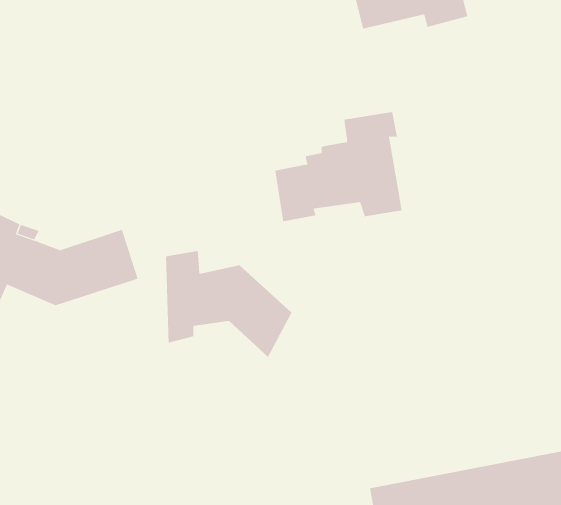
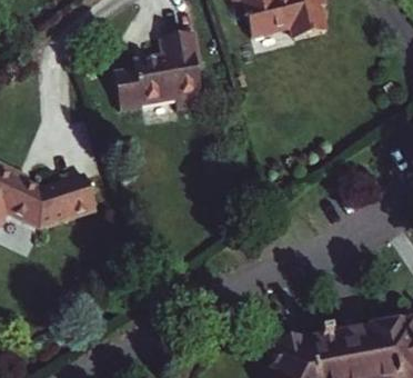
building: [275,111,403,222] -> [112,29,201,106]
building: [166,250,292,358] -> none

